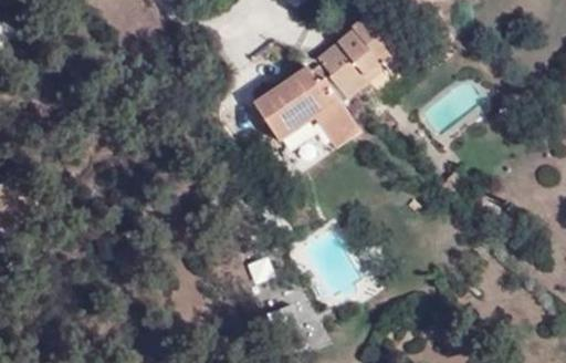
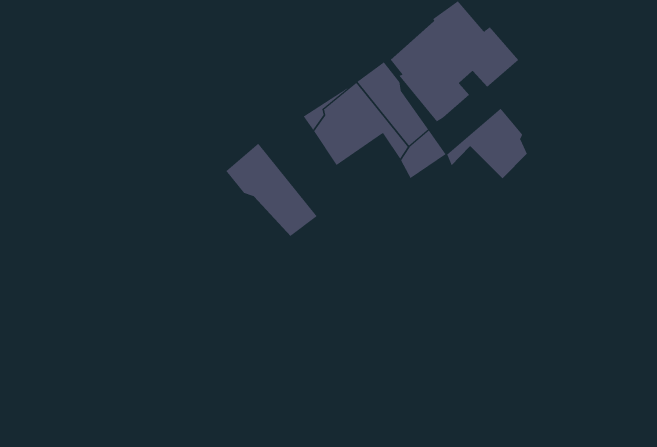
building: none -> [447,108,527,179]
building: none -> [225,143,317,237]

